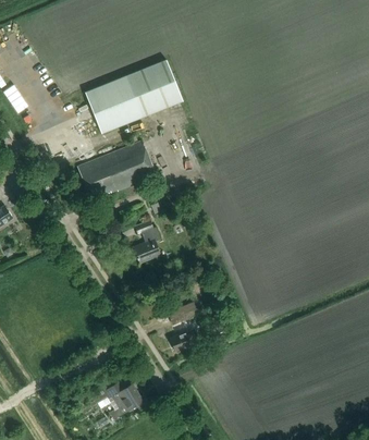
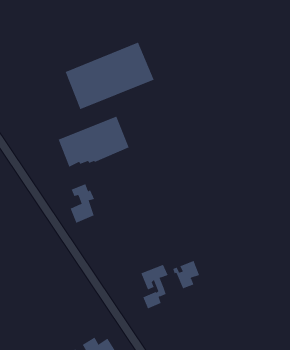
building: [133,219,161,262] -> [70,184,96,224]
building: none -> [172,260,200,289]

